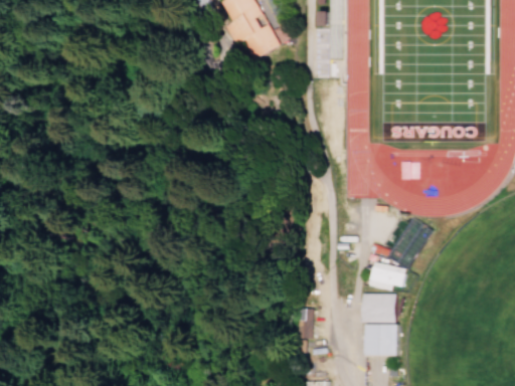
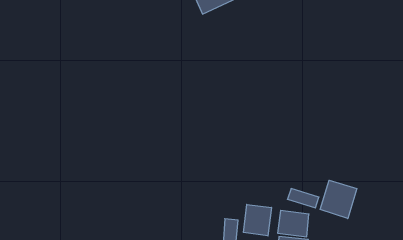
building: none -> [320,180,357,219]
building: none -> [243,204,271,236]

